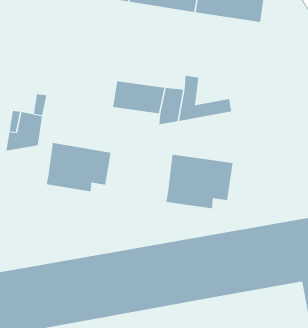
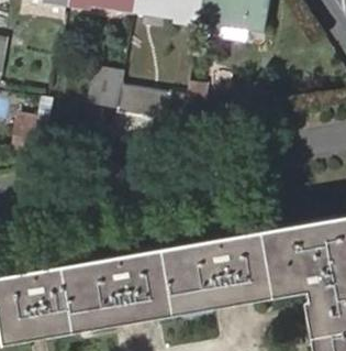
building: none -> [87,67,123,108]
building: [46,142,111,192] -> none
building: [166,154,233,209] -> none

